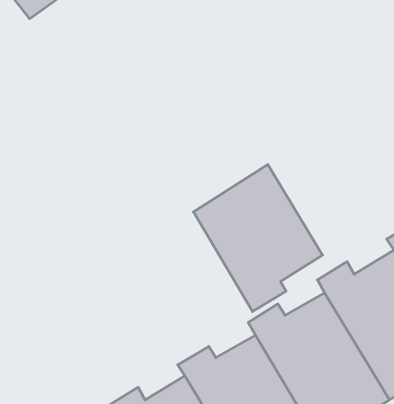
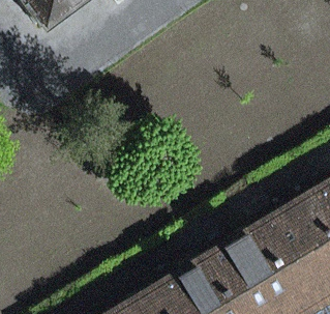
building: [193,165,323,312] -> none

